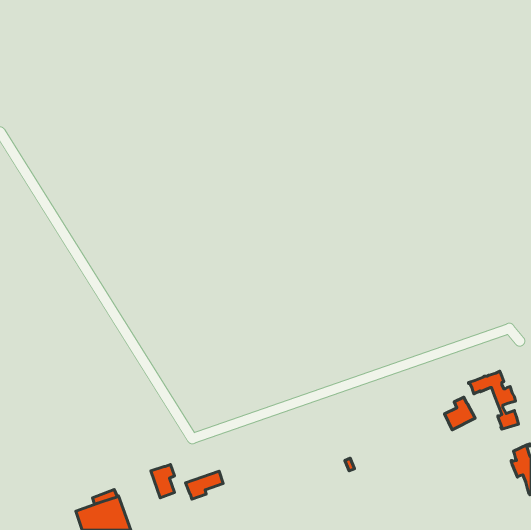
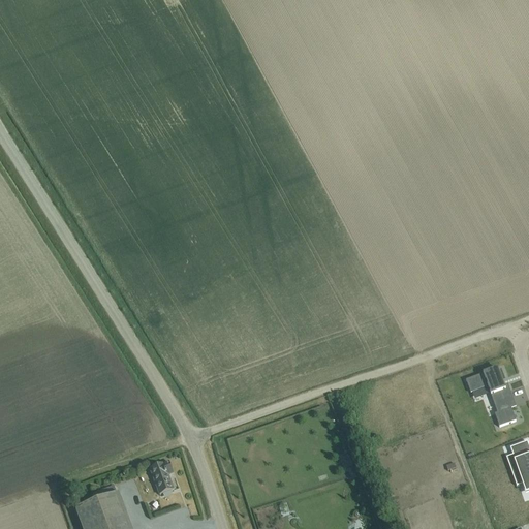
building: [444,397,475,430] -> none
building: [185,471,223,499] -> none

